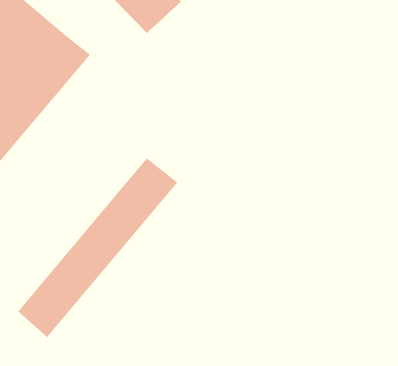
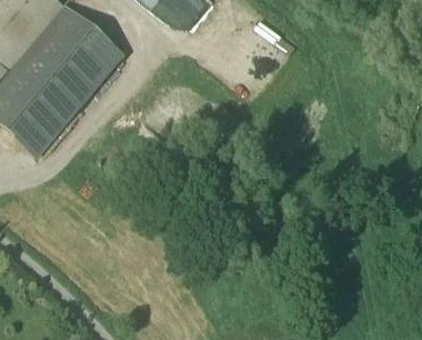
building: [18,158,178,338] -> none

